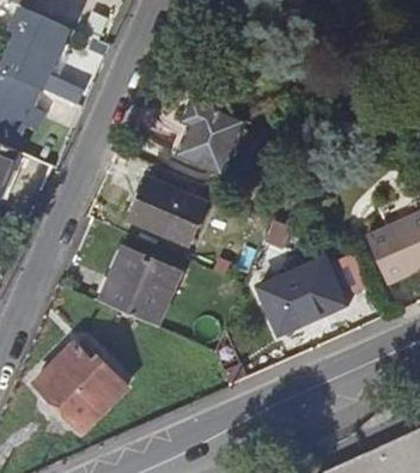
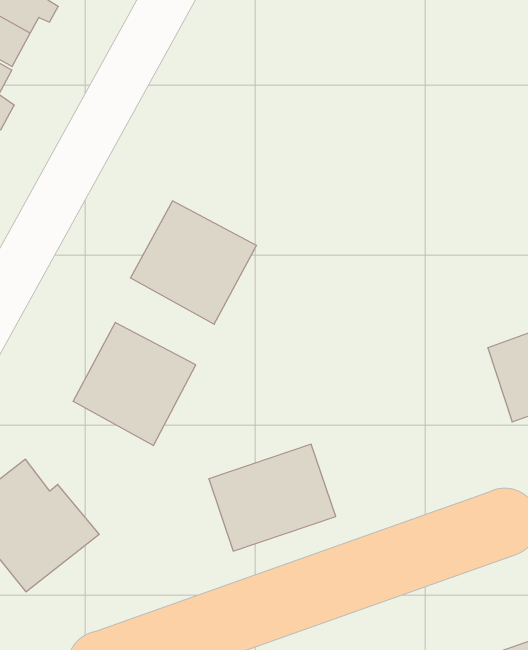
building: [171,99,245,178] -> none
building: [257,259,342,333] -> [209,444,336,551]

